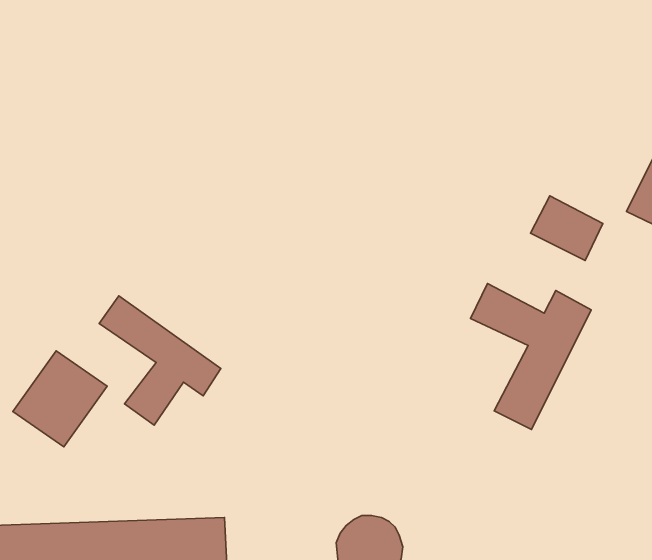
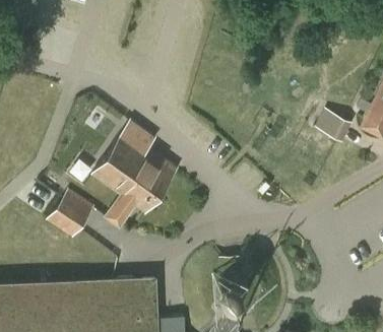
building: none -> [103,124,178,201]
building: [471,283,591,429] -> none

